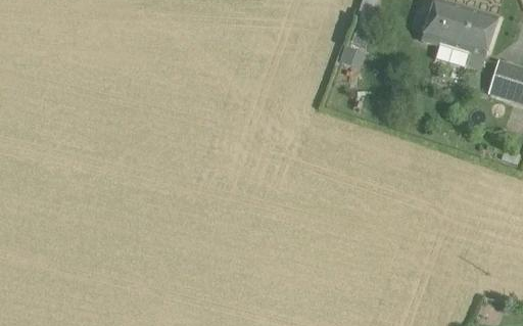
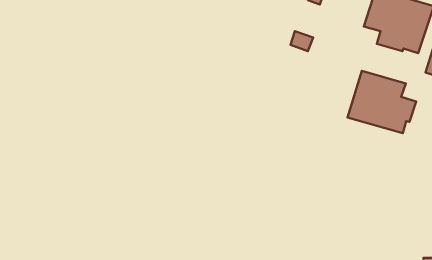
building: none -> [348,71,416,133]

